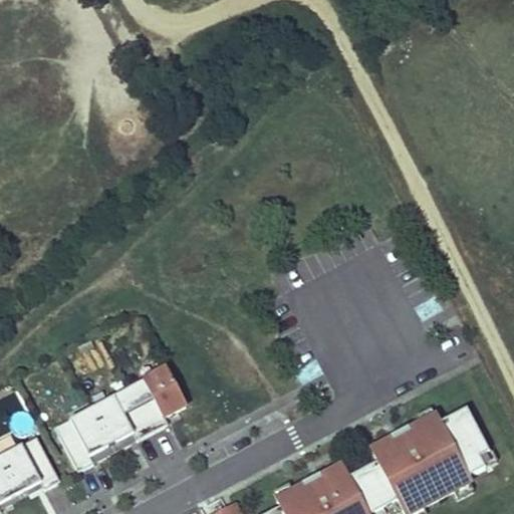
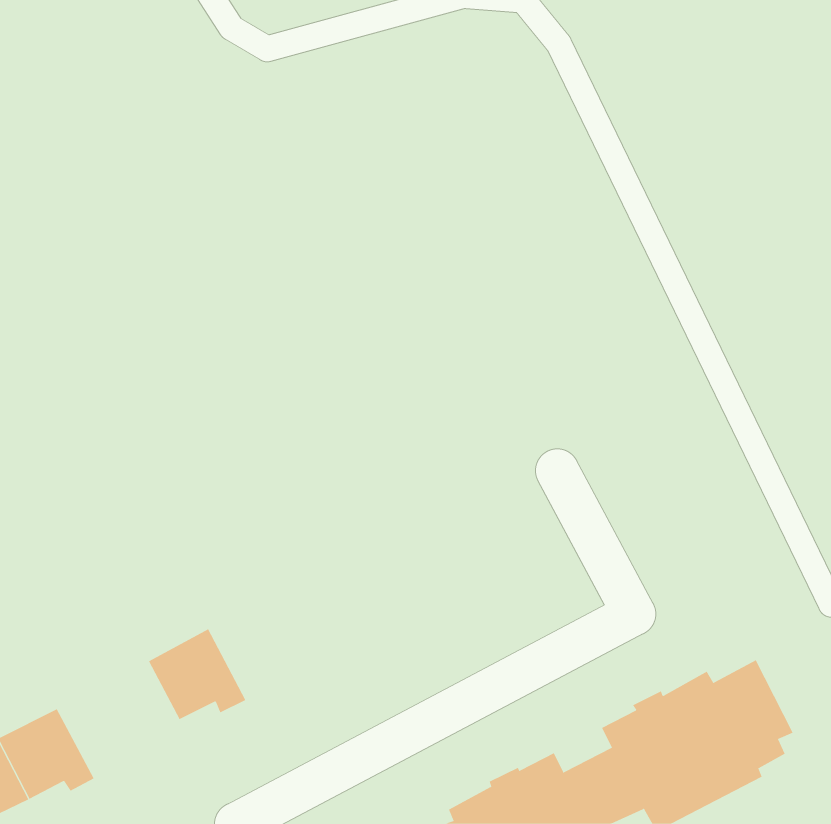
building: [128,368,185,432] -> none
building: [54,408,110,471] -> none

